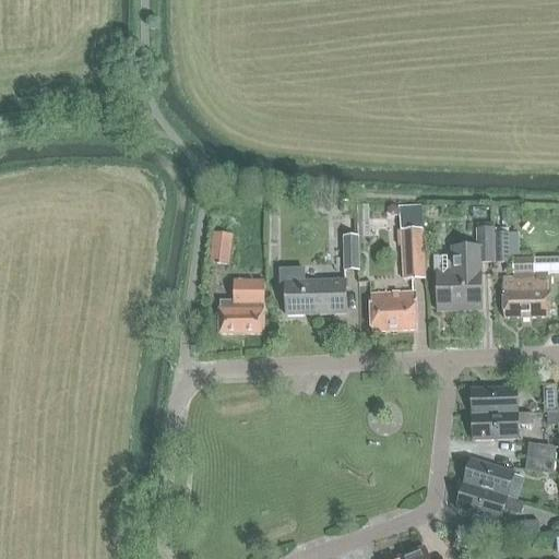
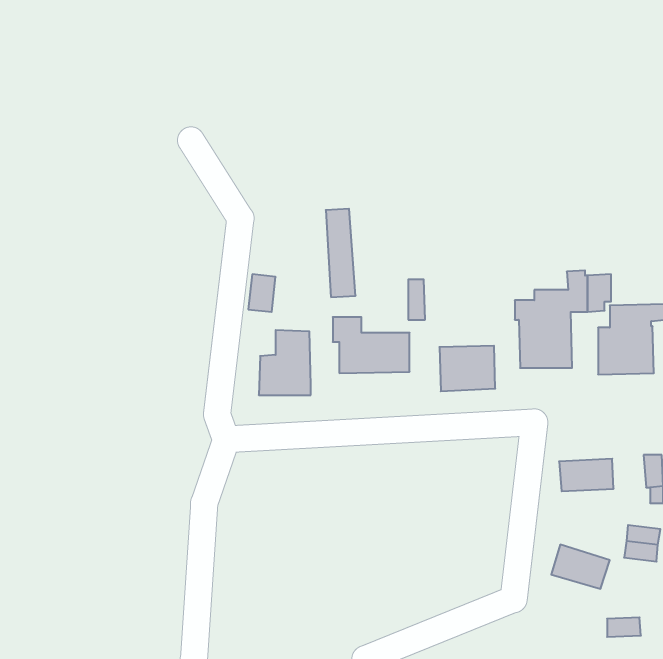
building: [400,203,425,277] -> [326,209,356,297]
building: [473,411,533,438] -> none
building: [456,483,518,519] -> none

